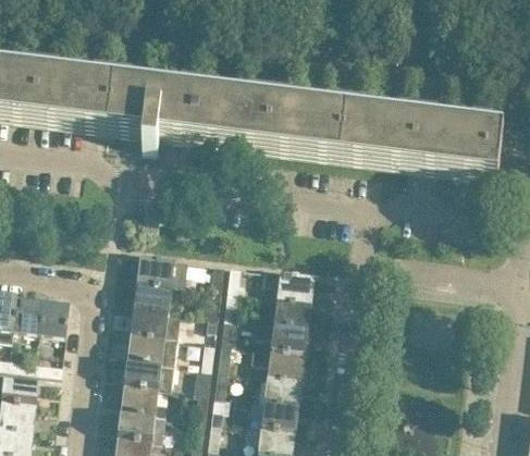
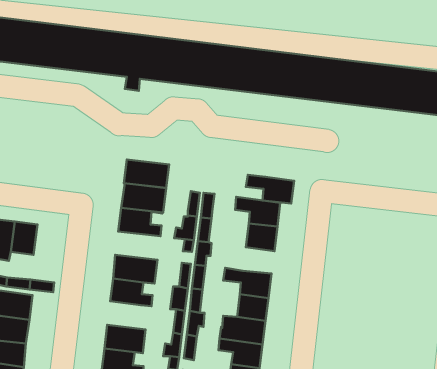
building: [40,292,70,328] -> none
building: [131,299,181,331] -> [124,159,169,188]
building: [254,315,307,346] -> [246,175,294,203]
building: [122,377,165,408] -> none

